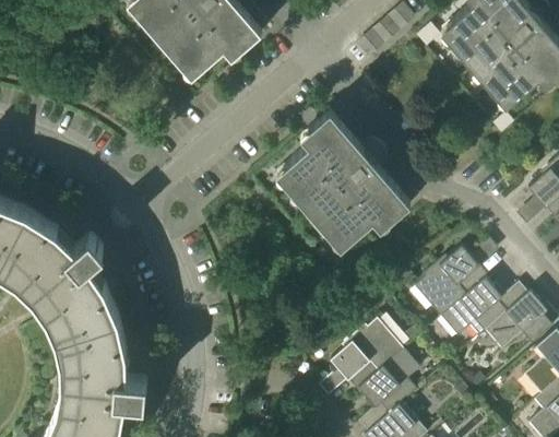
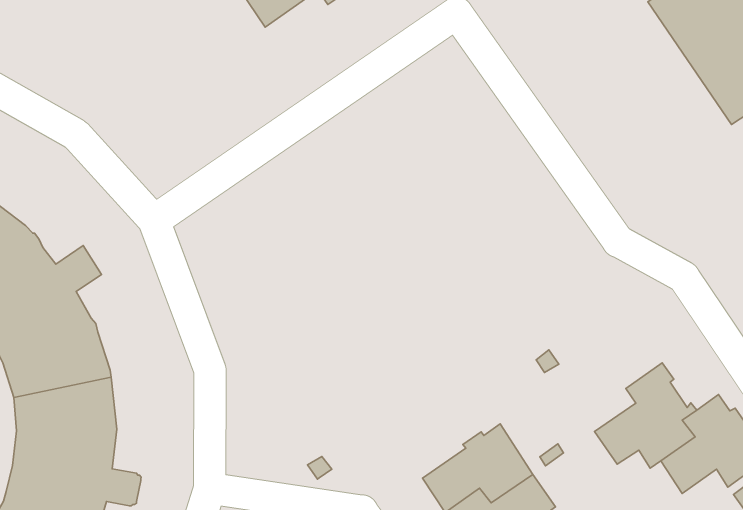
building: [276,108,417,251] -> none
building: [414,249,478,320] -> none

